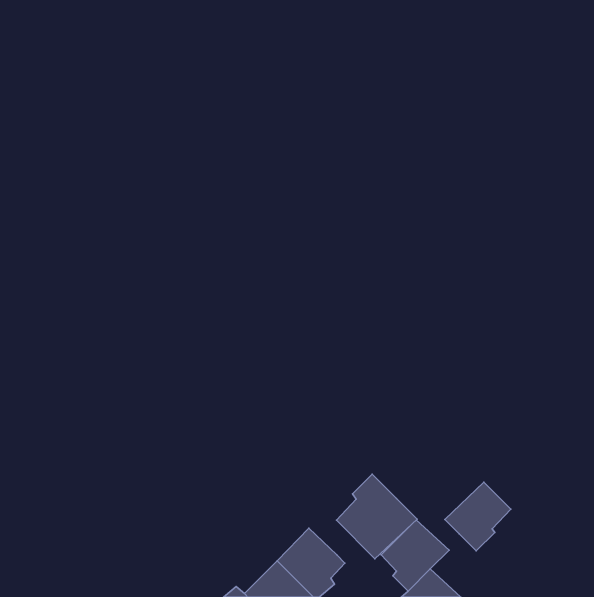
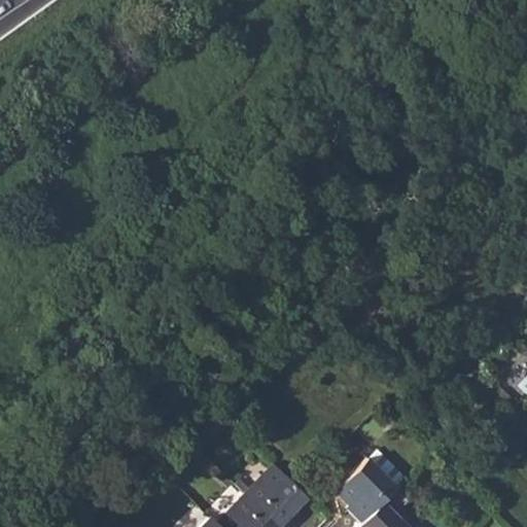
building: [336,474,417,559] -> none
building: [445,482,511,551] -> none

